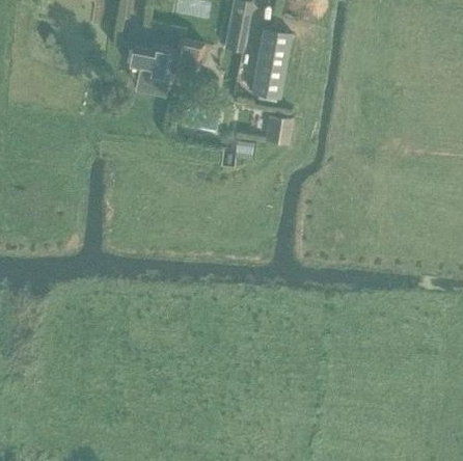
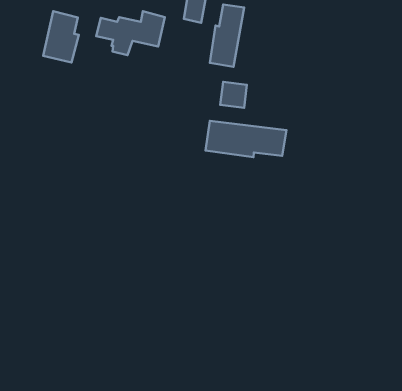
building: none -> [43,11,79,62]
building: none -> [206,121,286,157]

